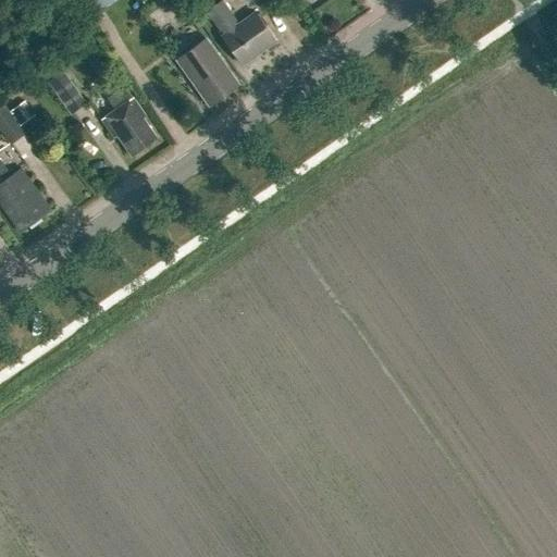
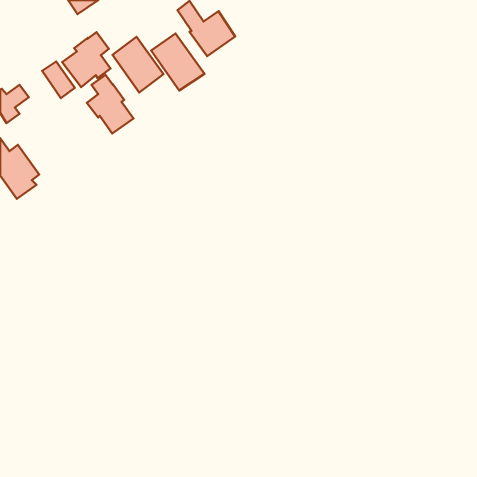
building: none -> [62,32,111,87]
building: none -> [112,37,164,93]

